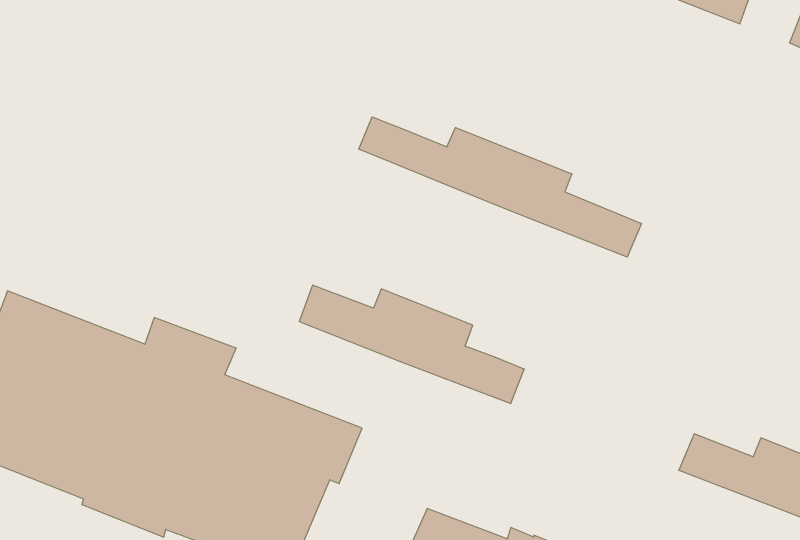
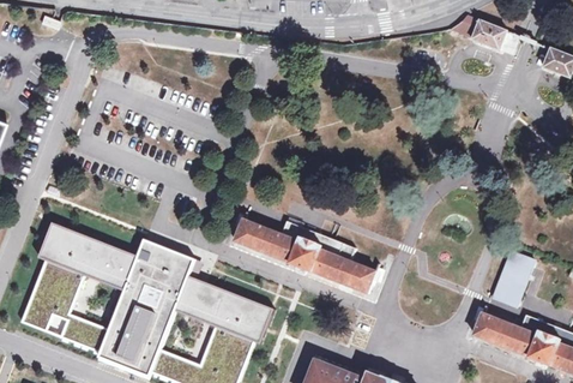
building: [359,117,642,257] -> none
building: none -> [495,252,536,307]

